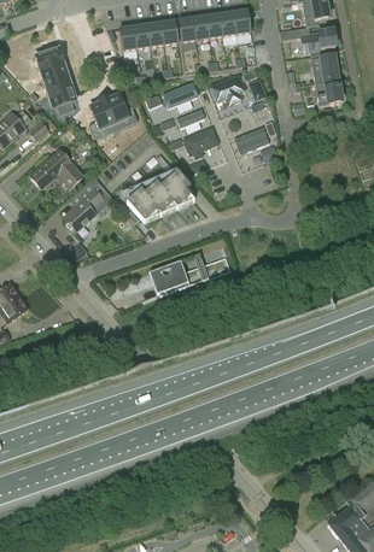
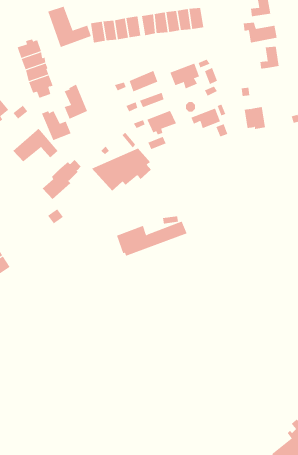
building: none -> [48,6,92,48]
building: [315,77,340,104] -> [244,106,266,129]
building: [103,94,138,129] -> [41,110,72,141]

